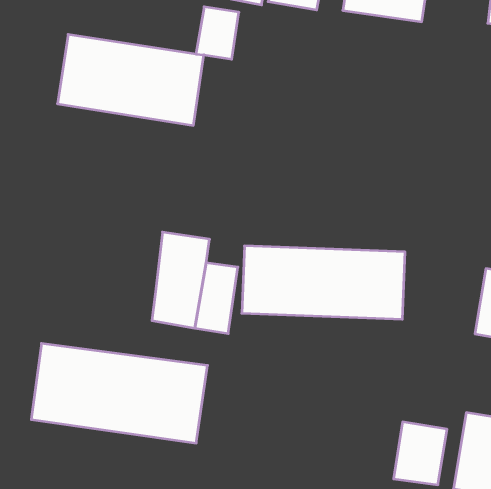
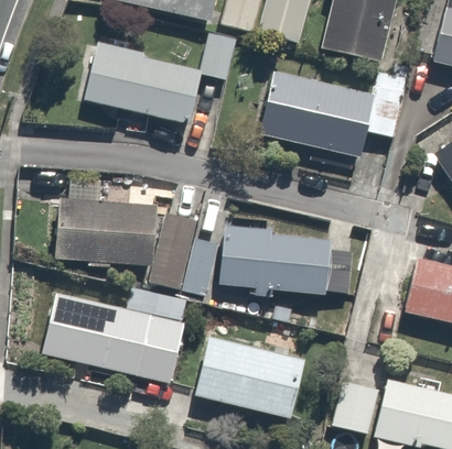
building: none -> [257,58,408,156]
building: none -> [56,205,160,260]
building: none -> [193,335,308,418]

